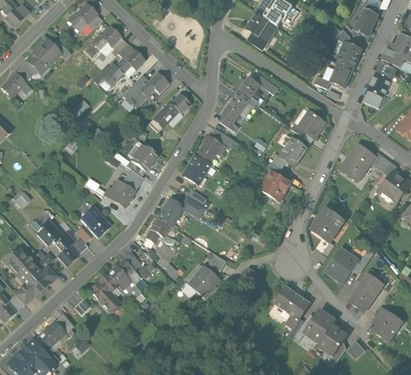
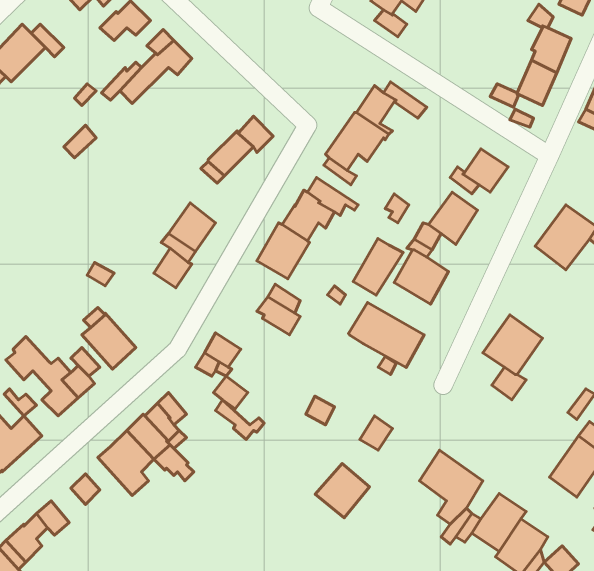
building: [123,72,168,107] -> none
building: none -> [353,239,403,295]
building: [103,180,135,208] -> none
building: [157,197,185,226] -> none
building: none -> [349,303,424,368]
building: [324,246,359,282] -> none
building: [188,264,219,295] -> [315,464,369,518]

